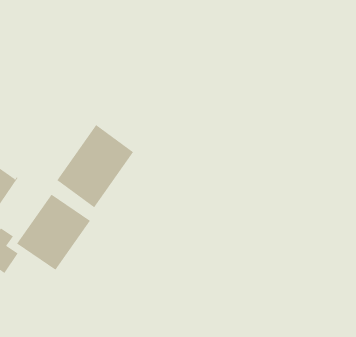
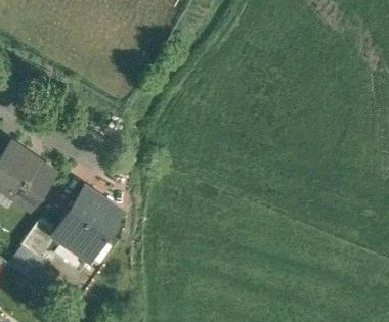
building: [56,124,134,208] -> none

